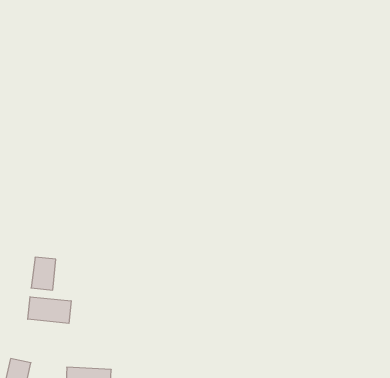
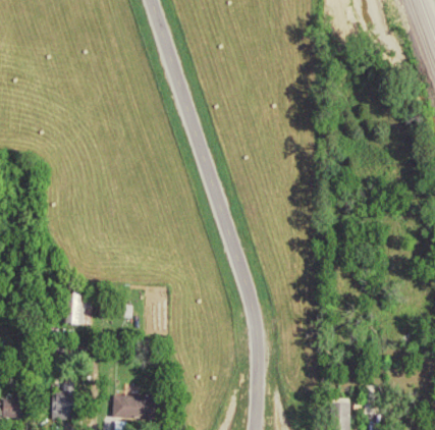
building: [28,297,71,323] -> none

